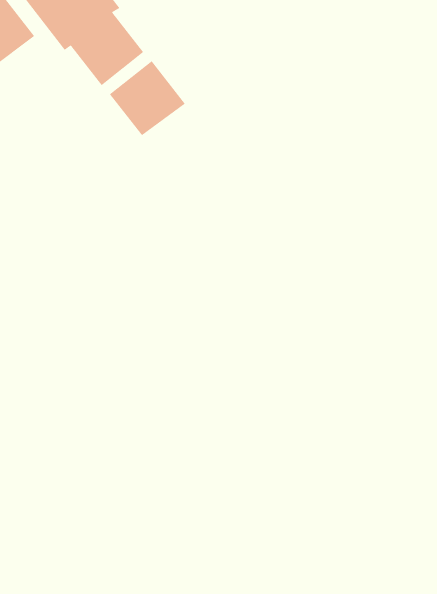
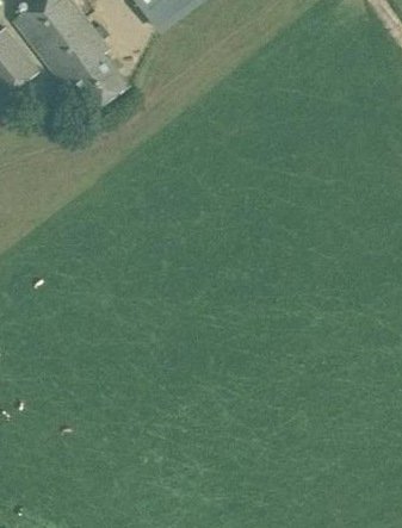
building: [109,60,186,136] -> none

